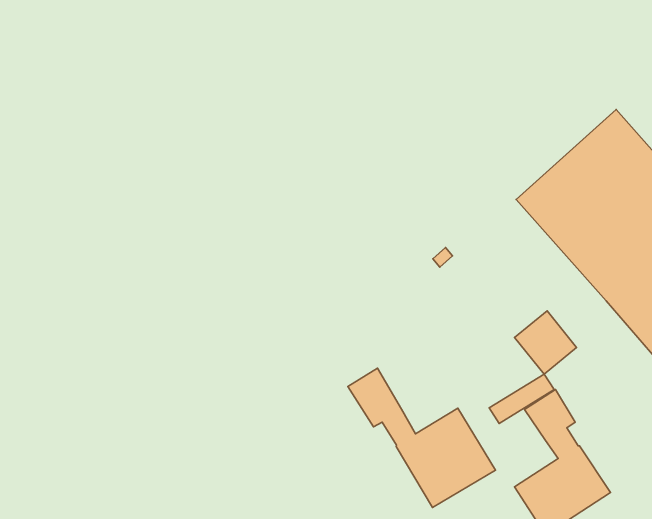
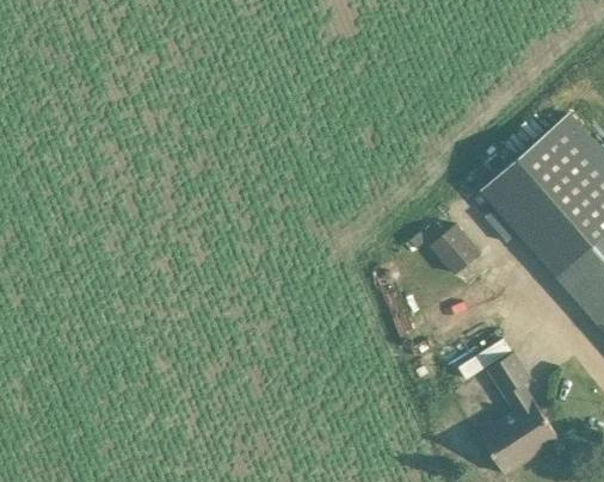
building: [515,311,577,374] -> [429,222,481,276]
building: [348,368,495,508] -> none

